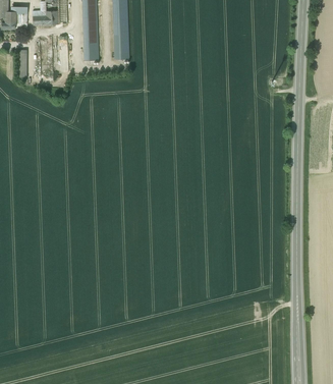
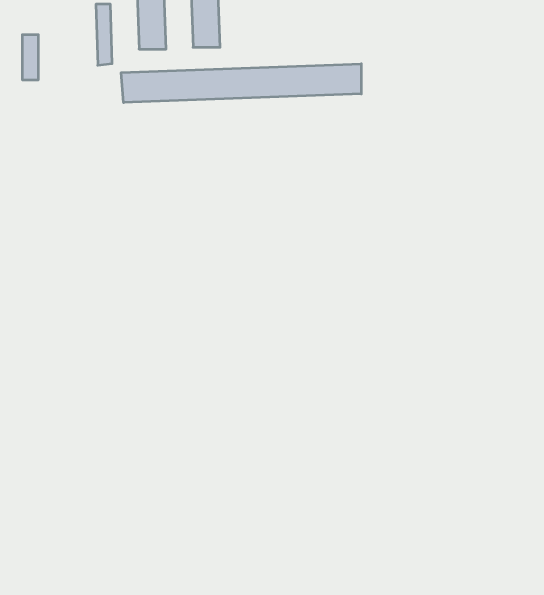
building: none -> [121,64,361,103]

